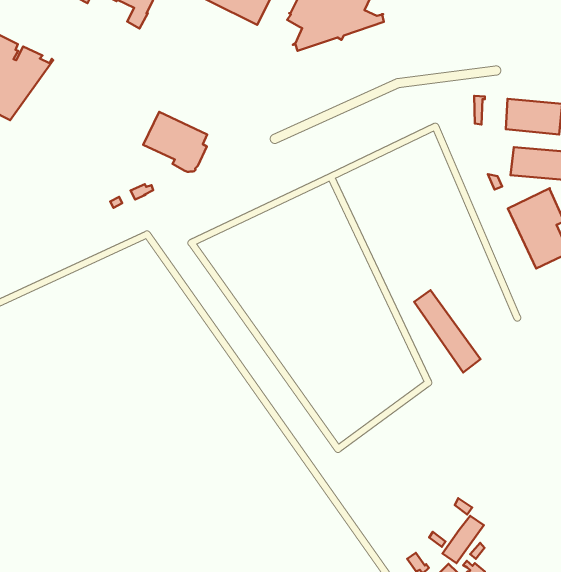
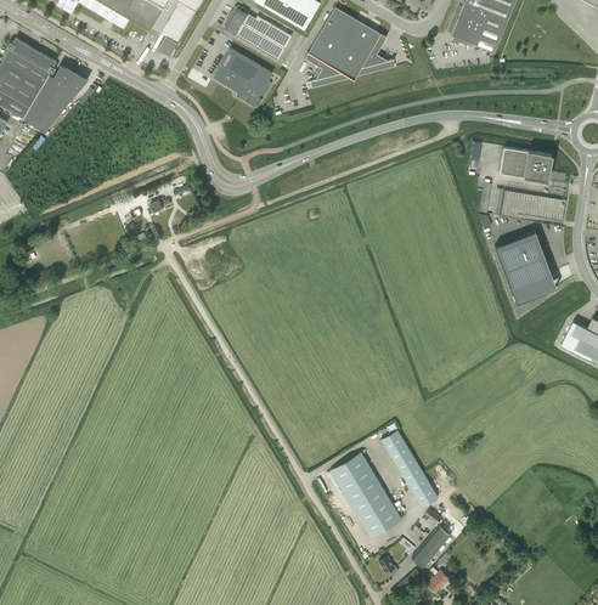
building: [143,112,207,172] -> [213,49,272,106]
building: [414,290,481,372] -> [380,430,438,508]
building: none -> [329,452,401,538]

